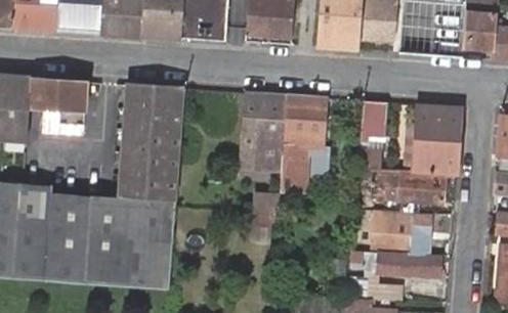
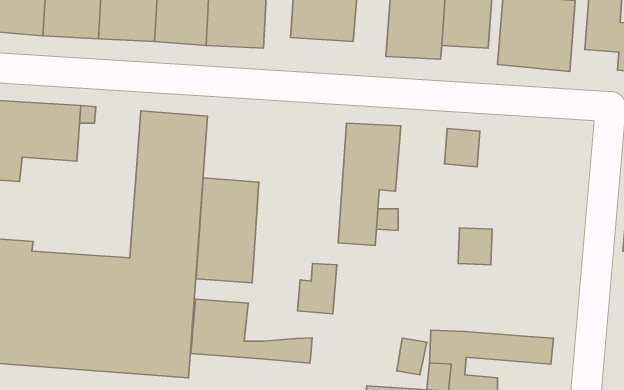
building: [240,93,287,172] -> [196,178,259,283]
building: [357,104,463,175] -> none
building: [399,178,444,205] -> none
building: [355,212,429,257] -> none
building: none -> [191,299,312,363]

